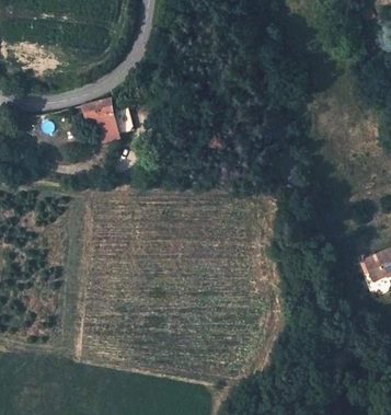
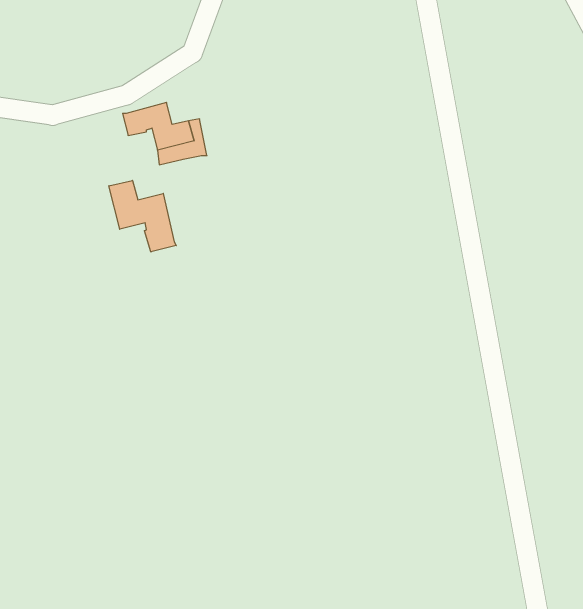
building: none -> [109,180,176,252]

